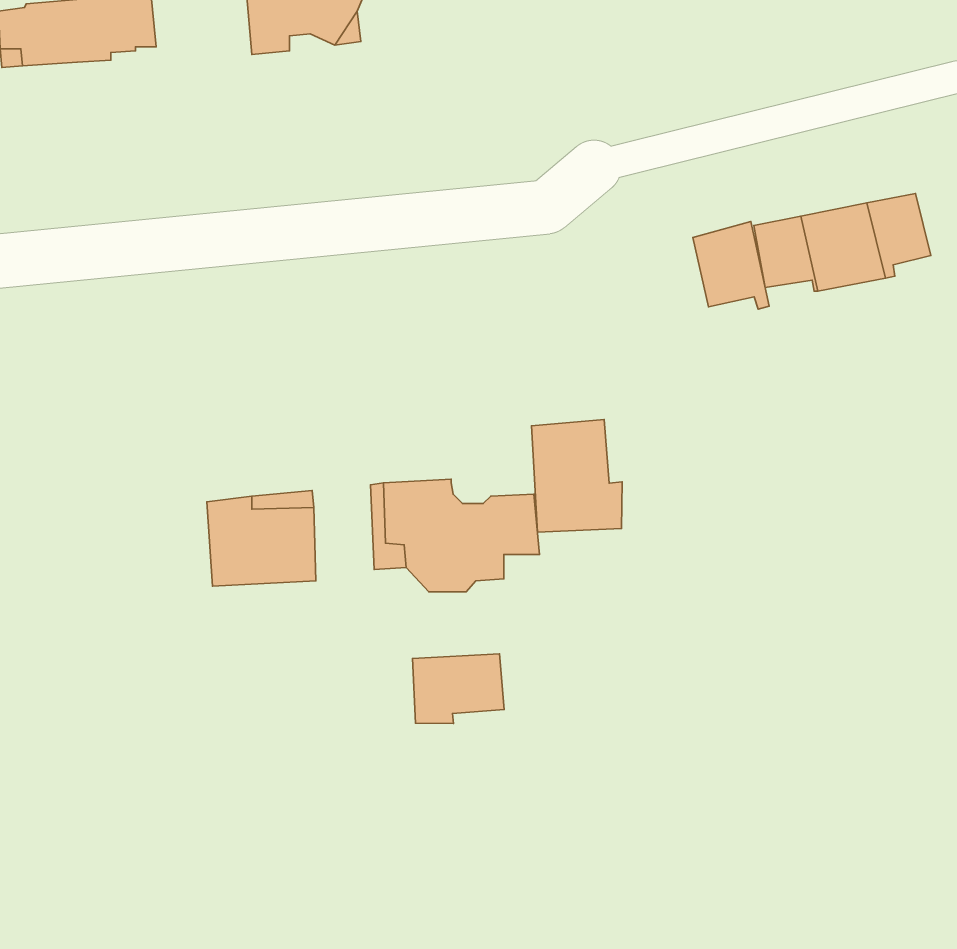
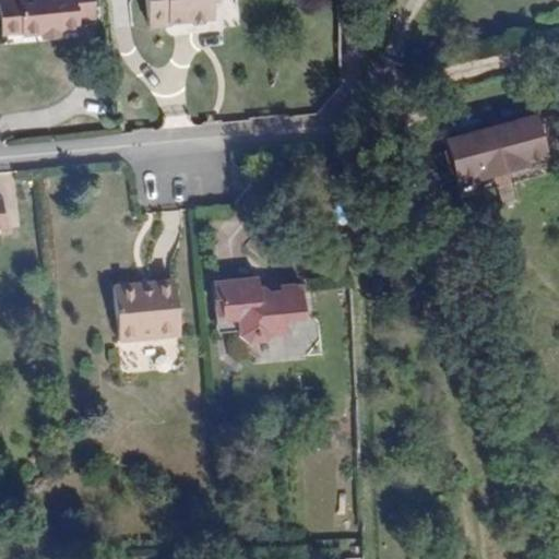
building: [693,222,769,309] -> none
building: [532,420,622,532] -> none
building: [413,654,504,723] -> none

